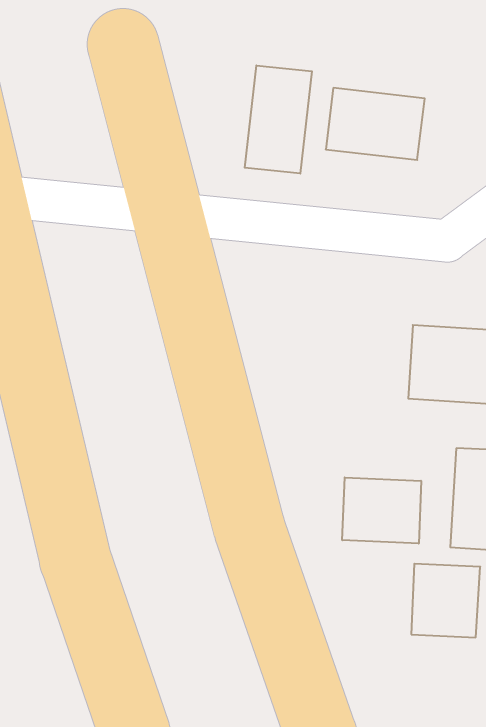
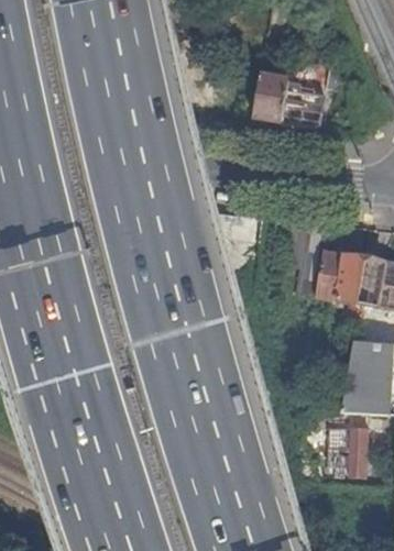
building: [245,65,312,174] -> none
building: [342,477,421,544] -> none

